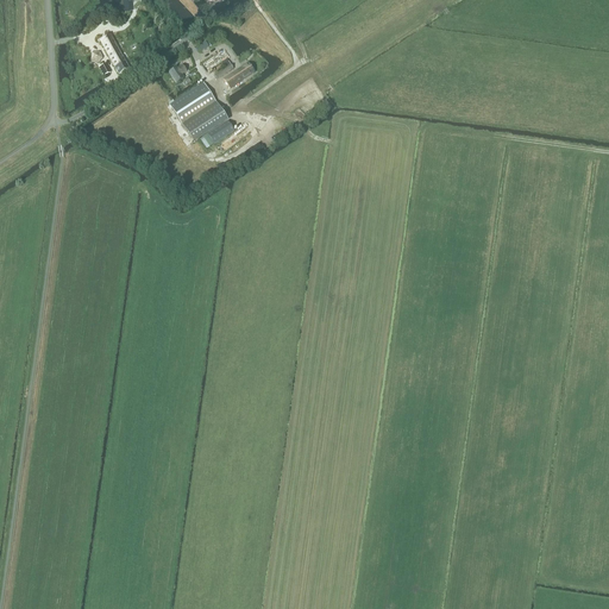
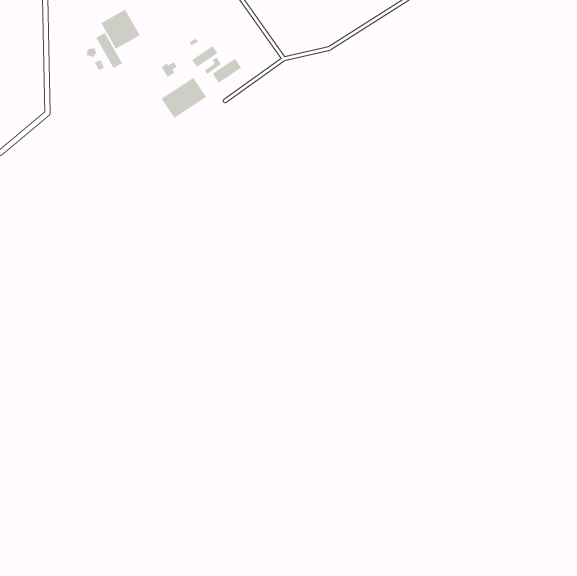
building: none -> [100,9,141,50]
building: [184,102,236,147] -> none

